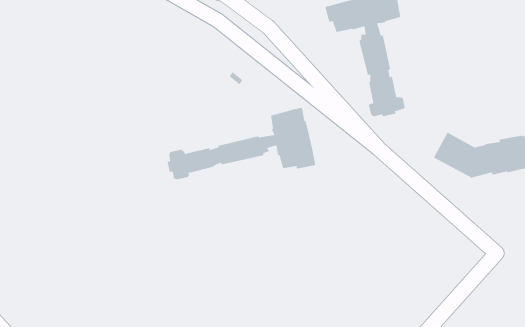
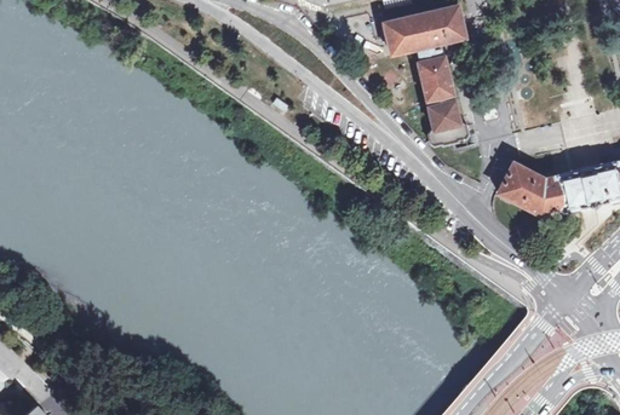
building: [166,107,316,180] -> none

